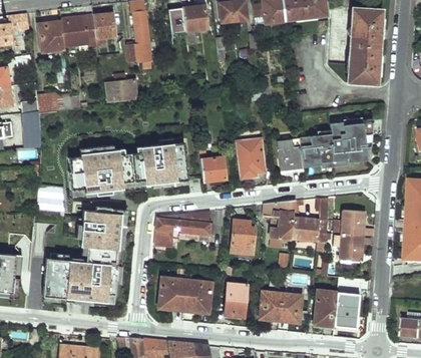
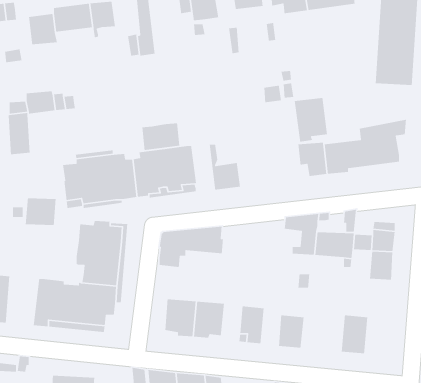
building: [103,78,137,103] -> [142,122,180,151]
building: [235,137,265,177] -> [294,97,328,143]
building: [230,219,254,253] -> none
building: [279,292,302,322] -> none
building: [335,292,359,328] -> none

